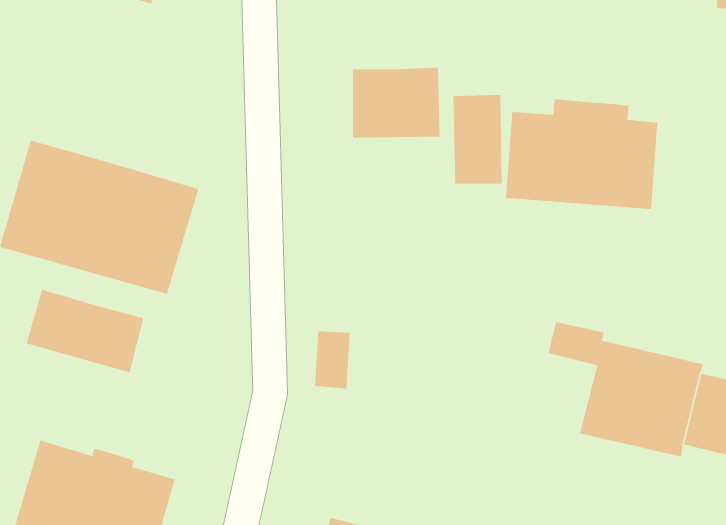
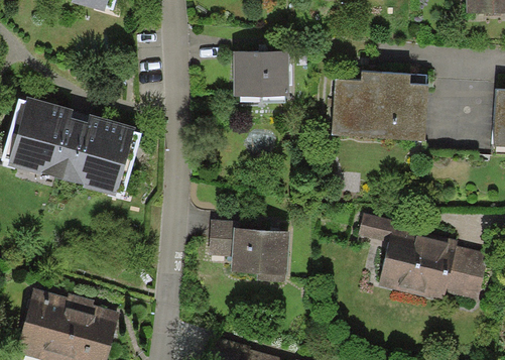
building: [453,94,502,185] -> none
building: [26,289,144,373] -> none
building: none -> [231,228,289,282]

